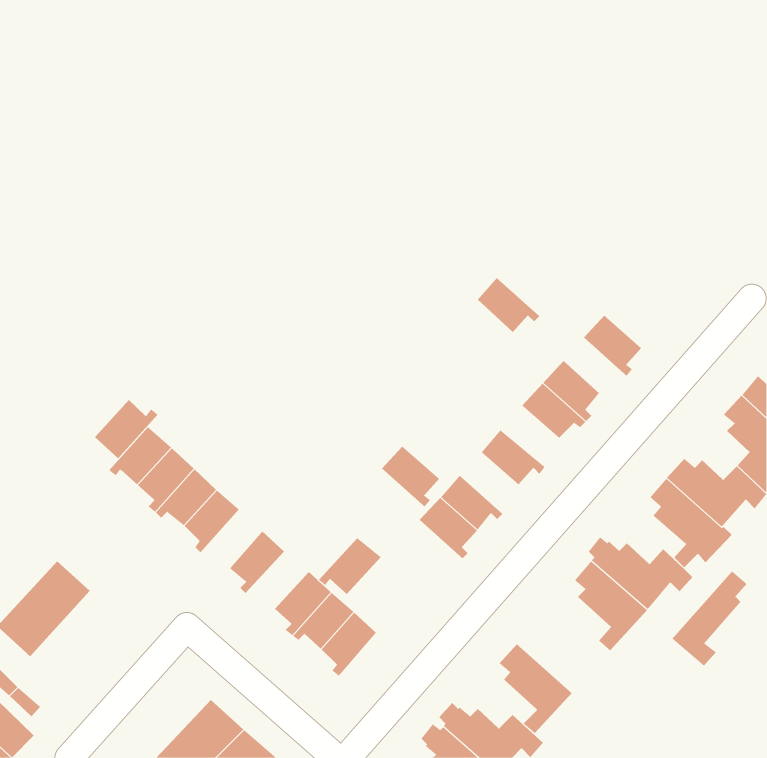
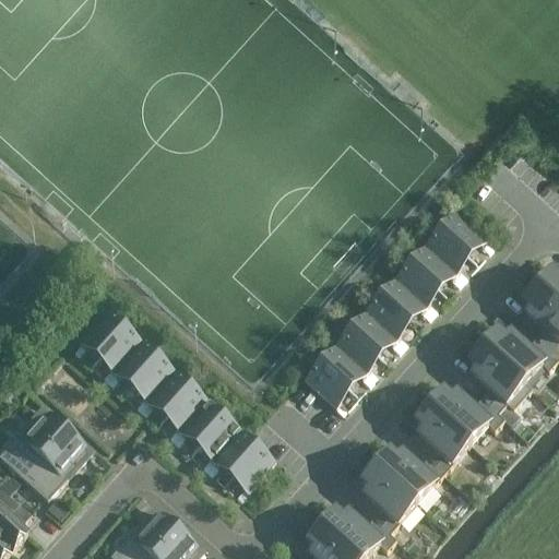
building: [477,277,540,333] -> [408,245,454,285]
building: none -> [438,211,485,252]
building: [94,399,158,459] -> none
building: none -> [362,294,405,338]
building: [381,446,440,508] -> [333,328,376,372]
building: none -> [145,369,190,412]
building: [318,538,381,595] -> [178,400,224,441]
building: [672,571,748,667] -> none
building: none -> [22,428,90,498]
building: none -> [374,452,442,502]

